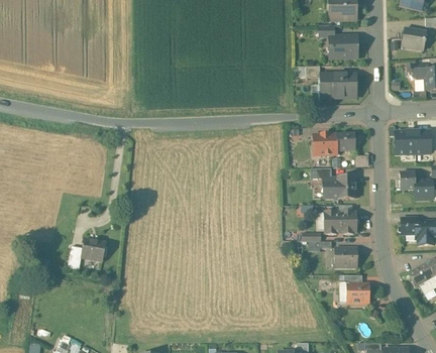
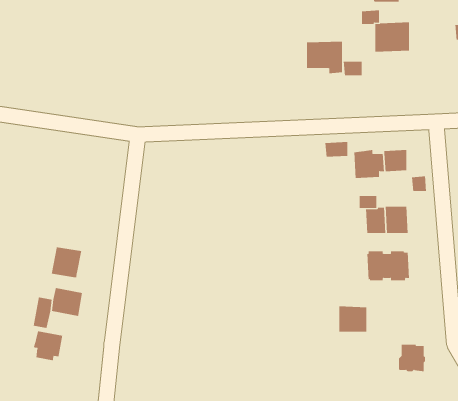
building: [326,73,354,98] -> [306,41,343,74]
building: none -> [51,246,82,278]
building: [335,247,357,267] -> [338,306,367,332]
building: none -> [33,331,63,361]

